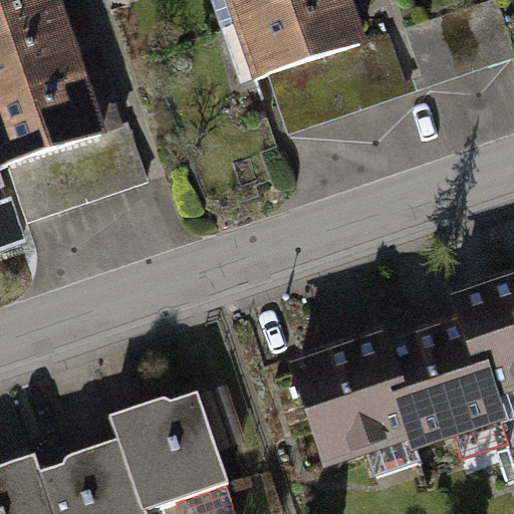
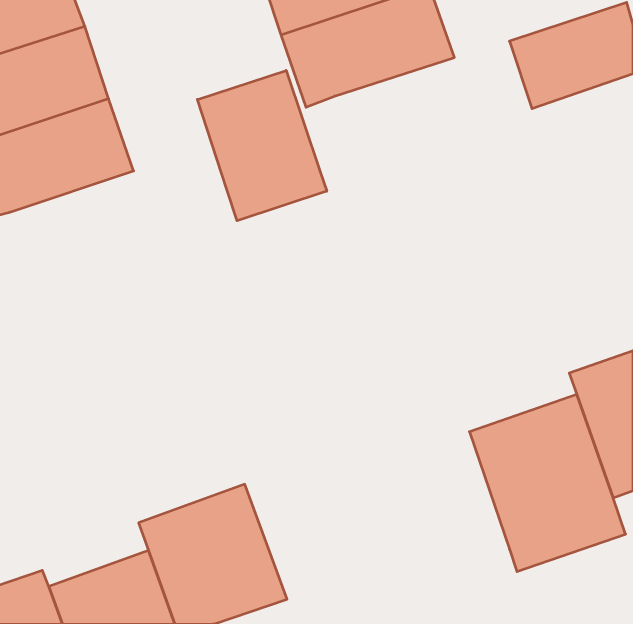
building: [269,38,410,135] -> none
building: none -> [197,70,327,221]
building: [8,130,151,224] -> none
building: [288,337,410,471] -> none

